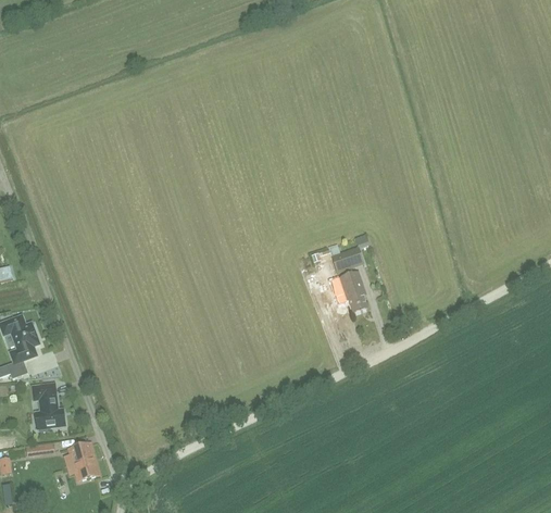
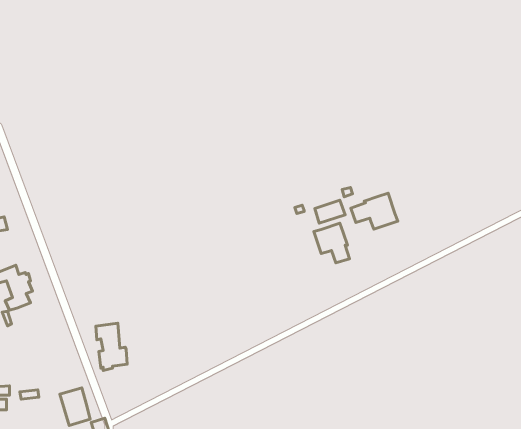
building: none -> [351,193,398,229]
building: [32,381,64,430] -> [96,323,127,370]

